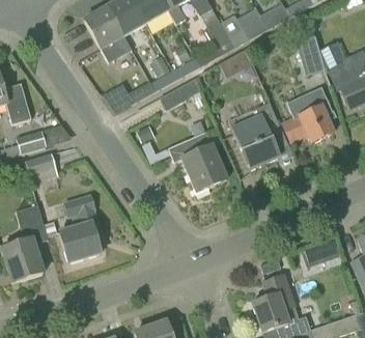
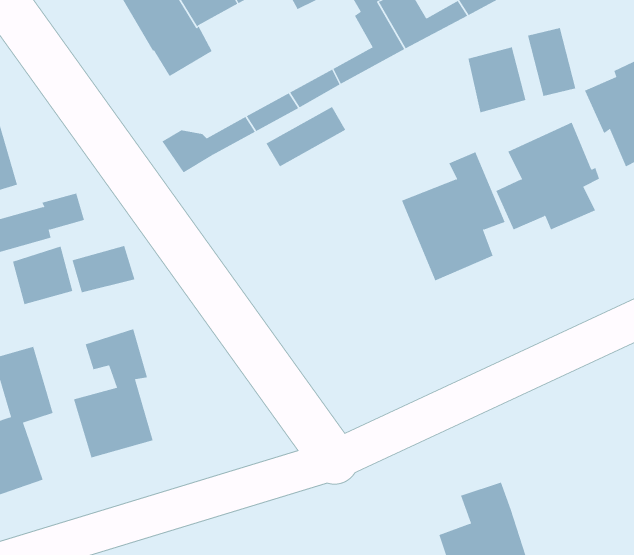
building: none -> [468,46,526,113]
building: [167,132,226,193] -> none
building: none -> [72,245,135,293]
building: [302,232,343,264] -> none

